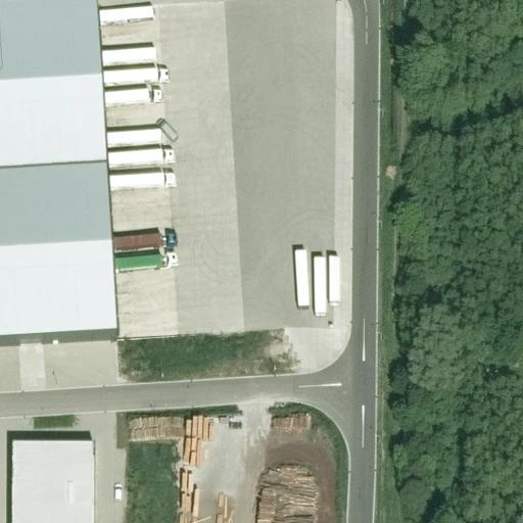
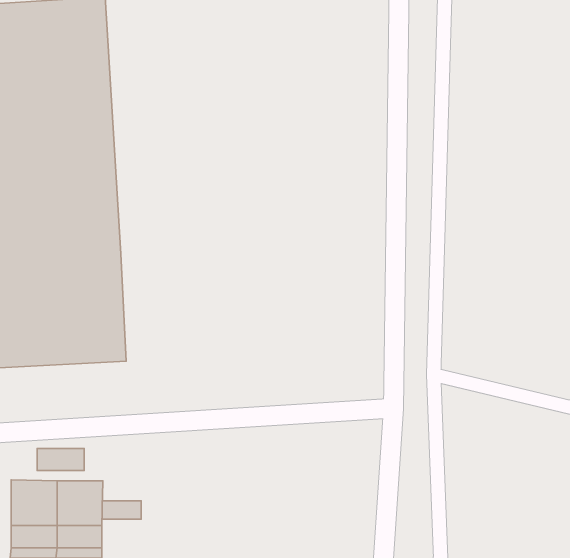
building: none -> [37,449,84,471]
building: none -> [102,501,141,519]

